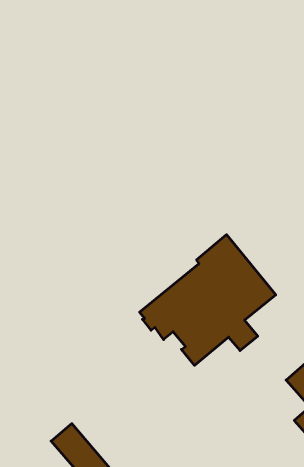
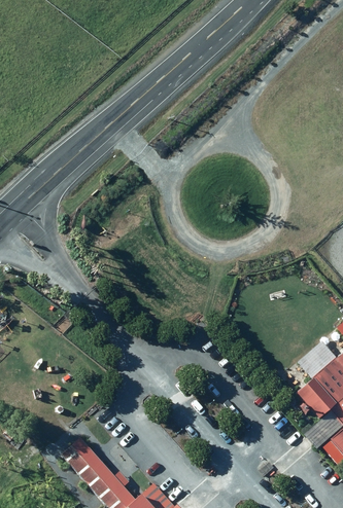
building: [140,235,276,365] -> none

